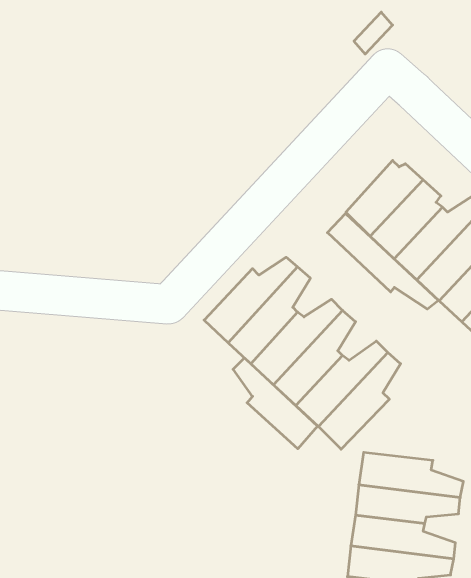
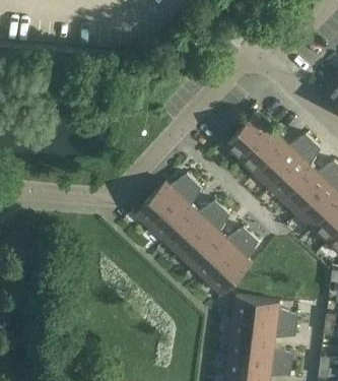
building: [327,213,438,309] -> none
building: [233,358,317,449] -> none

